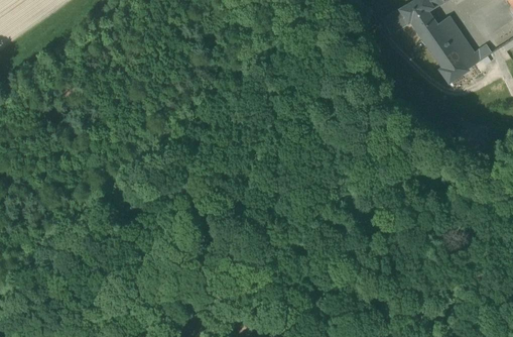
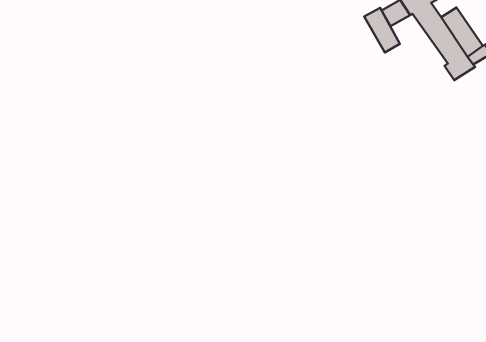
building: none -> [364,8,400,53]

